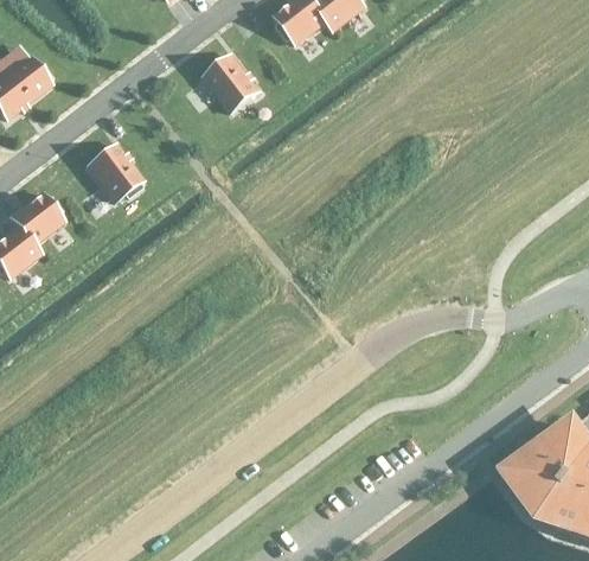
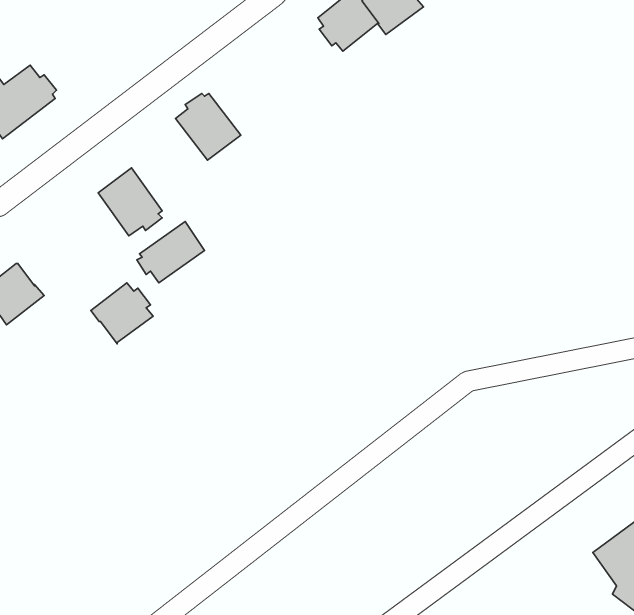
building: [203,55,258,111] -> [175,93,241,160]
building: none -> [137,221,204,283]
building: [9,192,63,244] -> [91,283,153,344]

